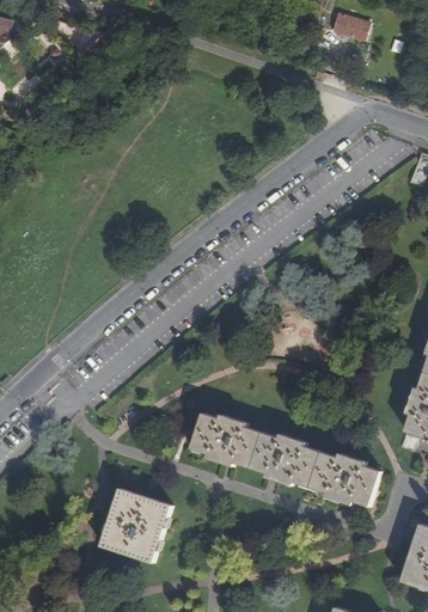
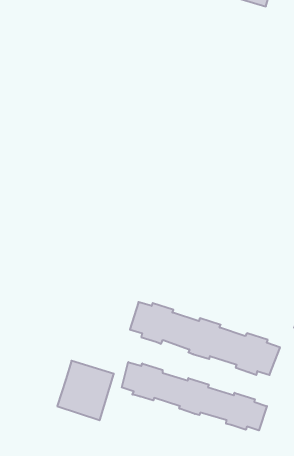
building: none -> [122,362,267,430]

